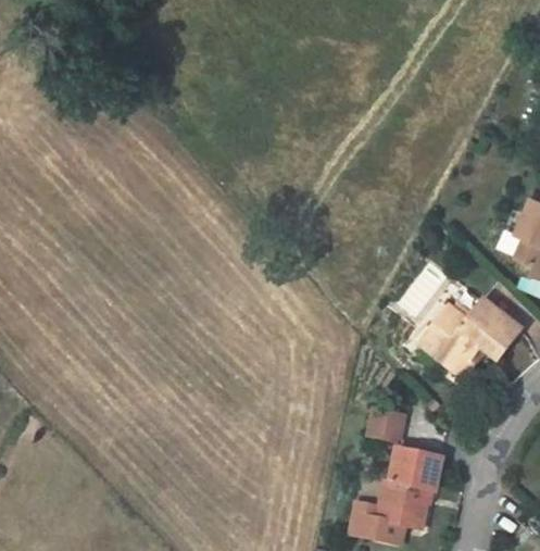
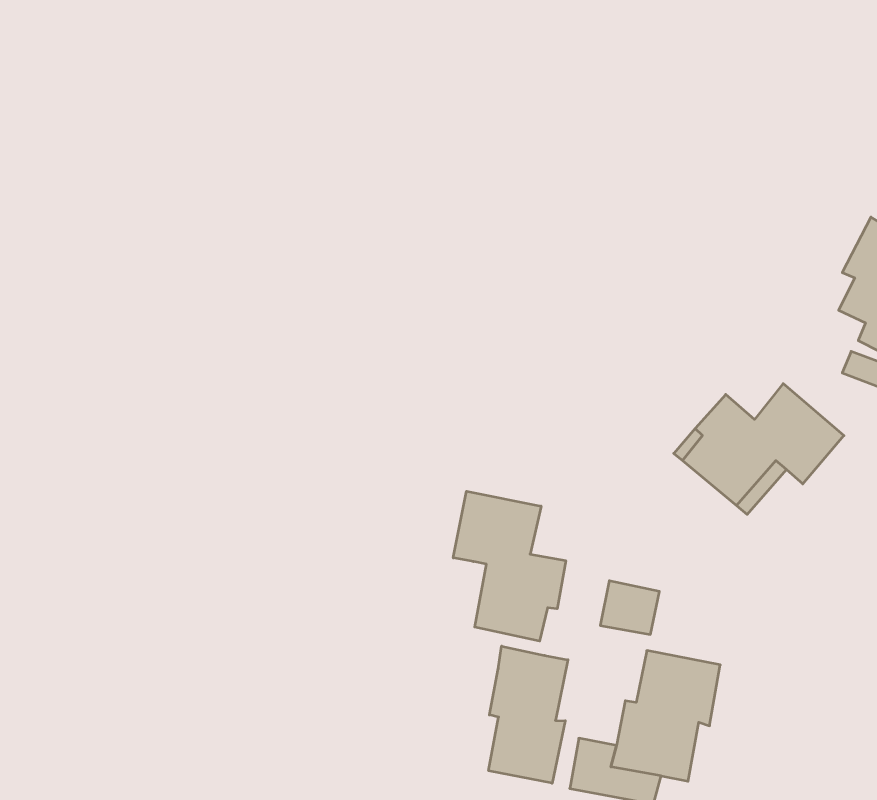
building: none -> [453,491,566,641]
building: none -> [489,646,568,783]

